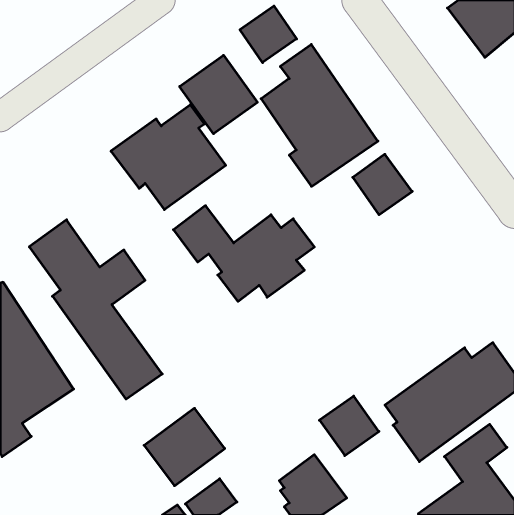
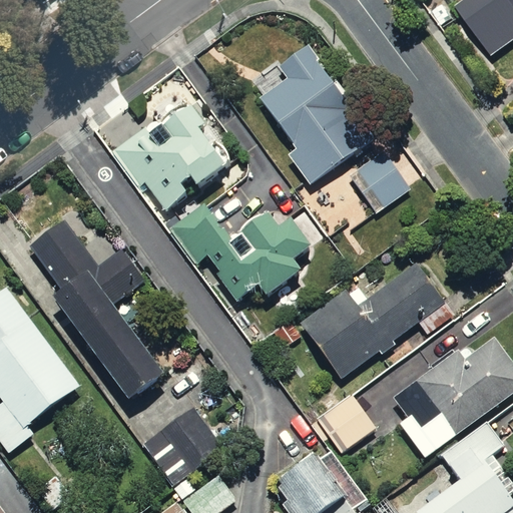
building: [240,6,297,63] -> none
building: [180,55,257,134] -> none
building: none -> [295,268,441,382]

